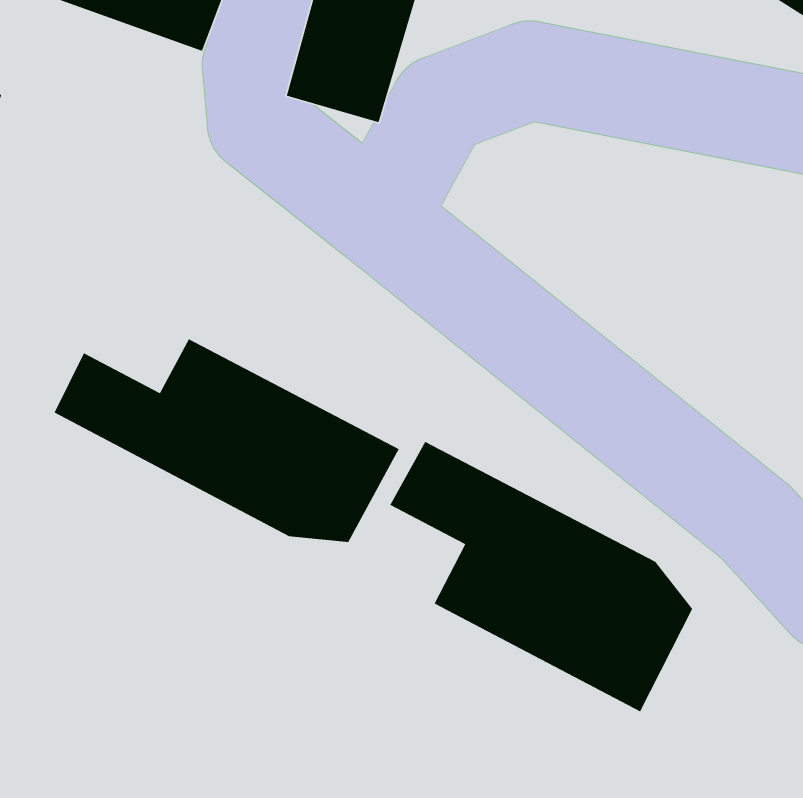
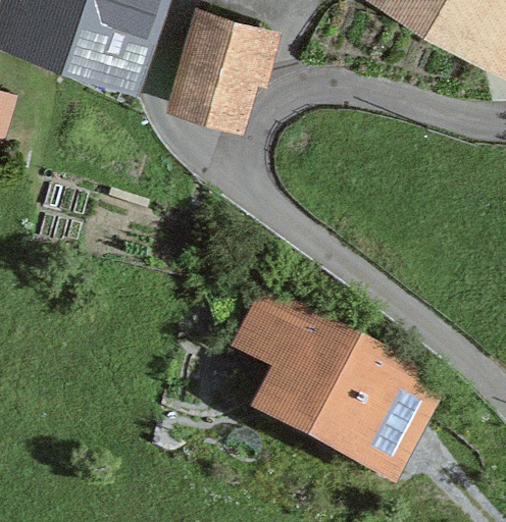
building: [54,338,400,543] -> none

